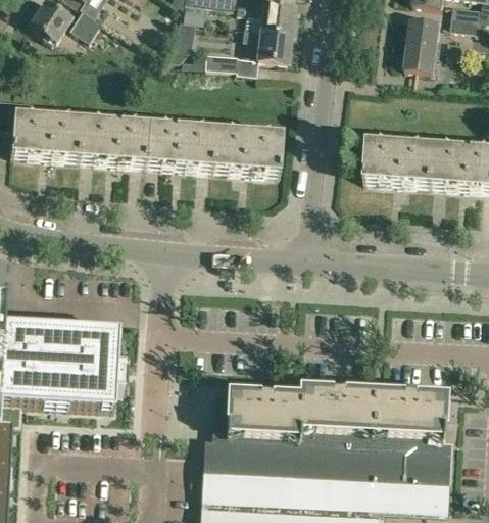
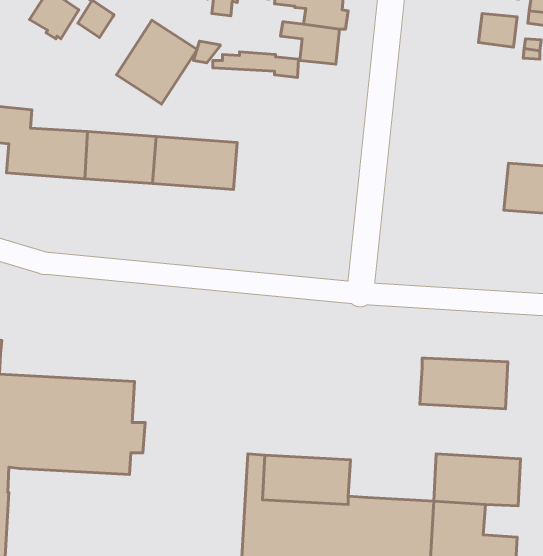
building: none -> [116,20,197,104]
building: [406,40,439,68] -> none
building: [202,125,283,170] -> none
building: [365,137,435,182] -> none
building: [299,385,374,428] -> [420,358,508,409]
building: [413,431,443,459] -> none

